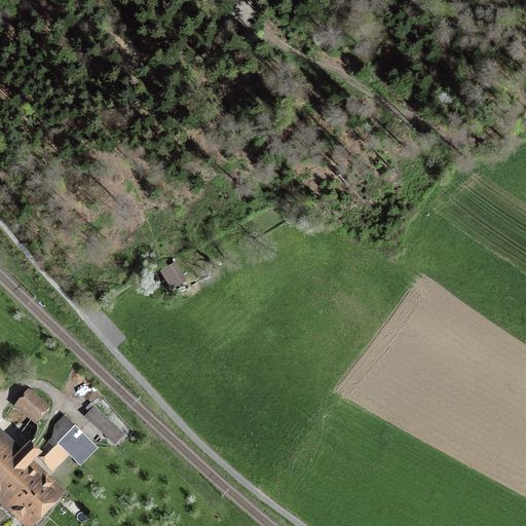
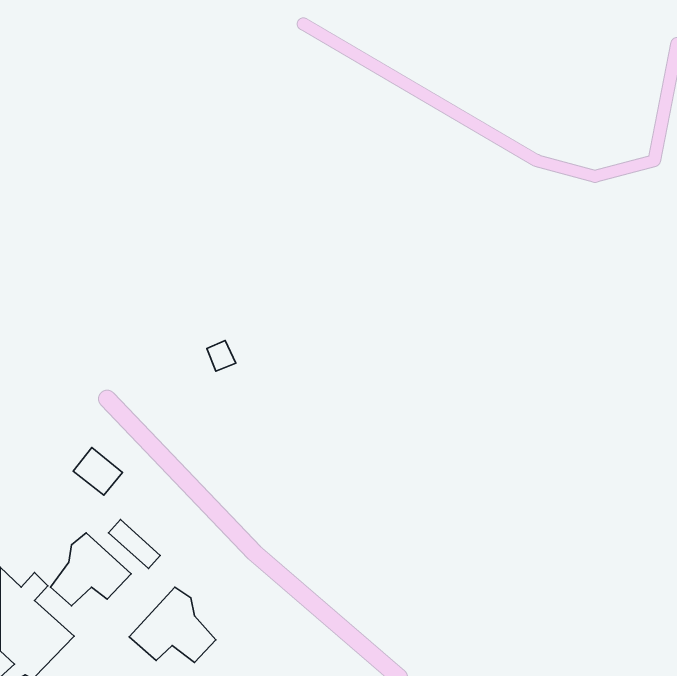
building: [13,386,51,423] -> [73,447,122,495]
building: none -> [129,587,216,662]

